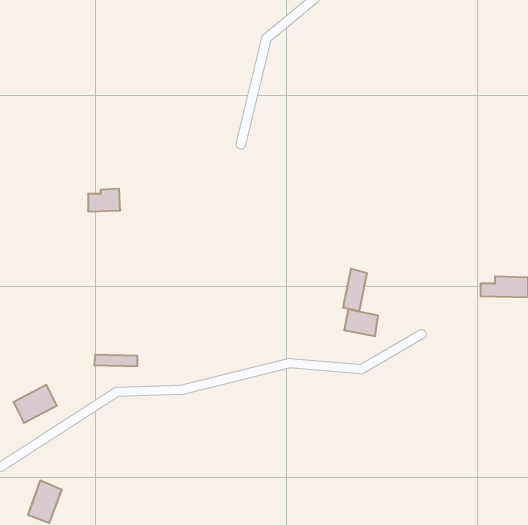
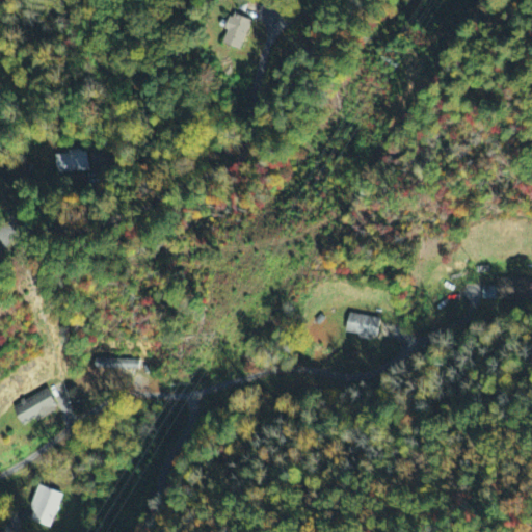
building: none -> [223,12,250,49]
building: [88,189,120,211] -> [56,149,88,171]
building: [343,268,367,311] -> none

